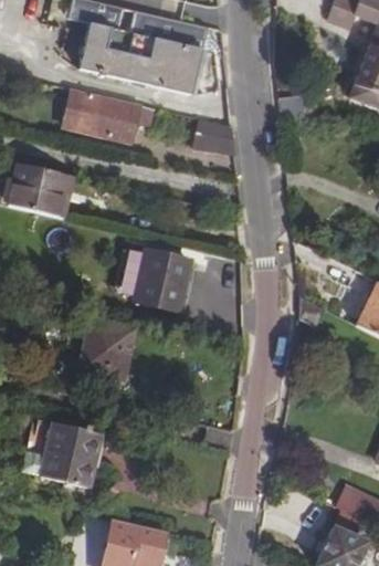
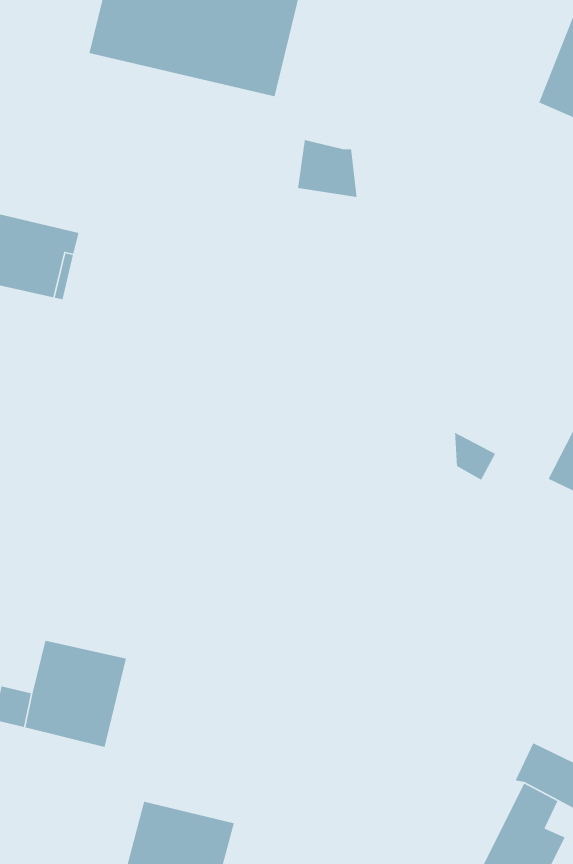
building: [64,90,151,142] -> none
building: [134,250,191,313] -> none
building: [78,319,135,380] -> none

